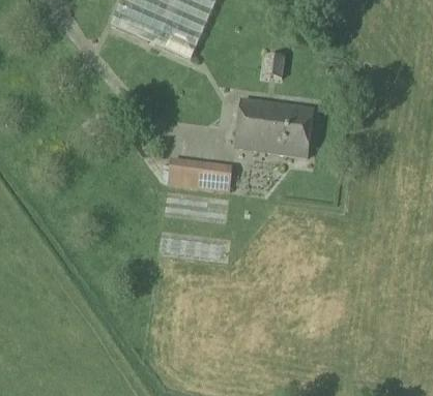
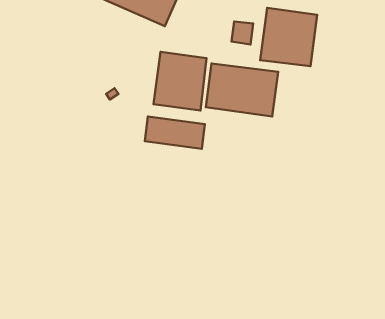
building: none -> [260,8,317,66]
building: none -> [153,52,207,110]

